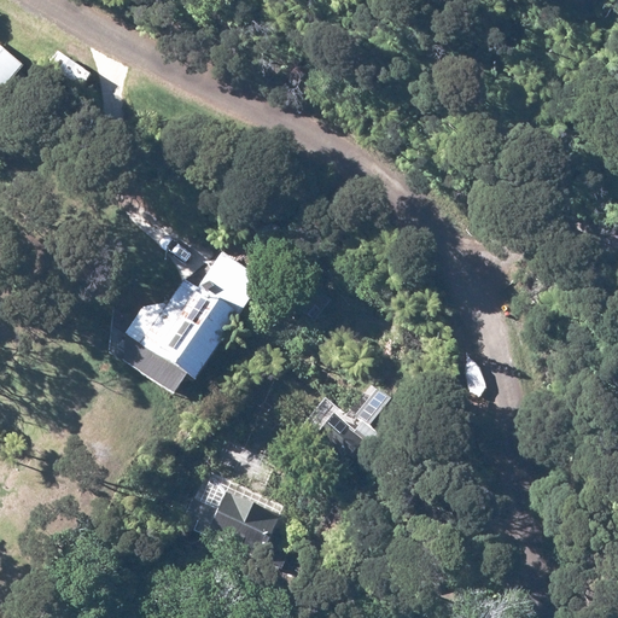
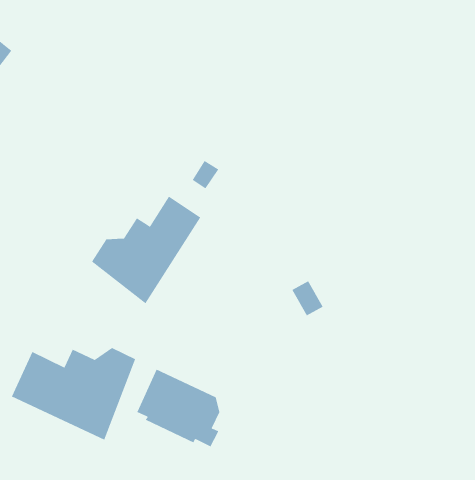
building: none -> [11,347,136,440]

